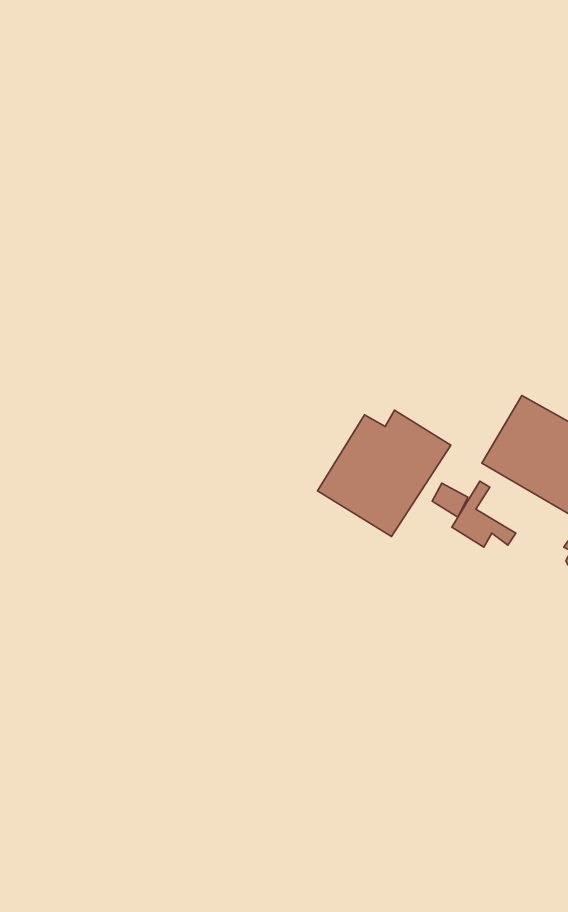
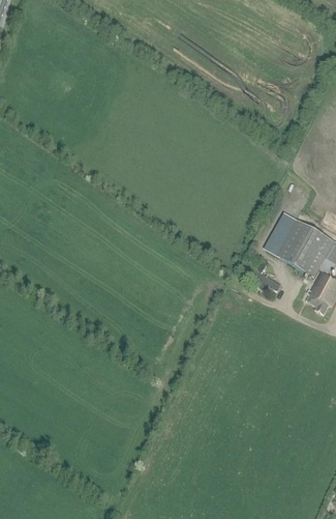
building: [317,410,451,536] -> none

